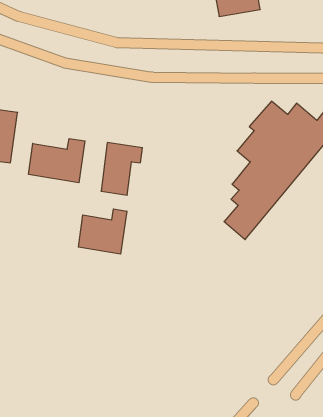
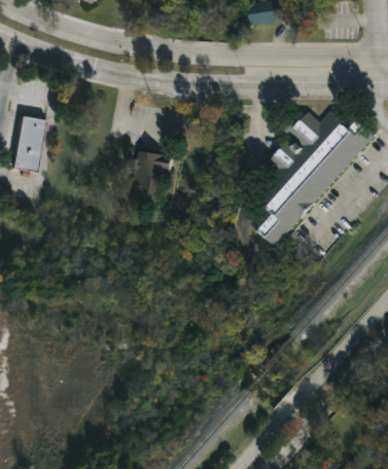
building: [29,139,85,183] -> none
building: [78,209,127,254] -> none

